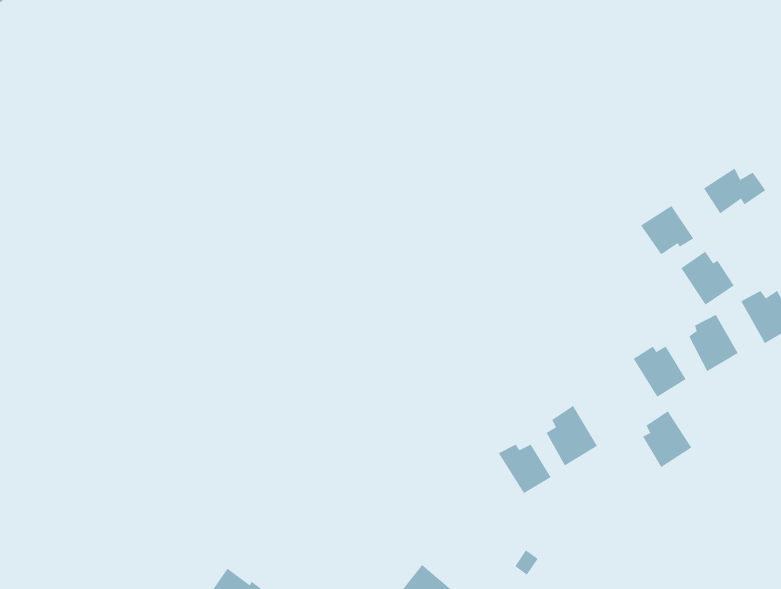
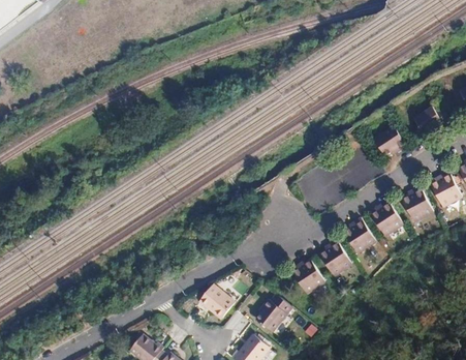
building: [680,251,735,305] -> none
building: [642,411,692,468] -> [345,222,373,254]
building: none -> [197,283,235,320]
building: none -> [256,293,292,332]

